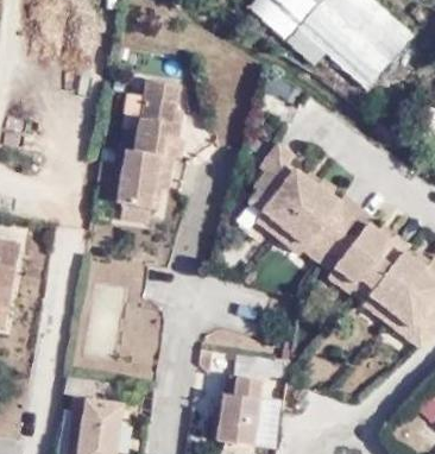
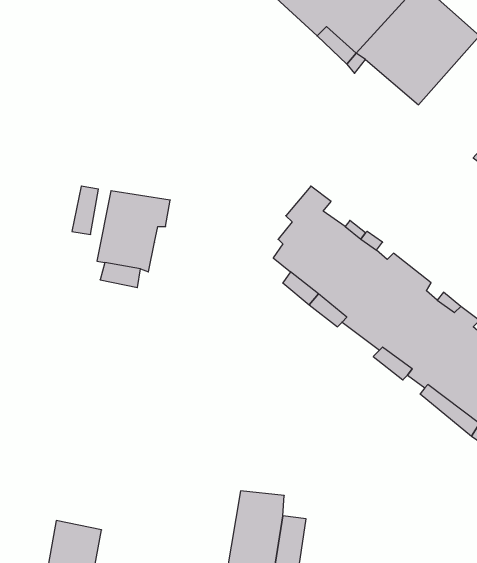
building: [122,81,183,157] -> none

